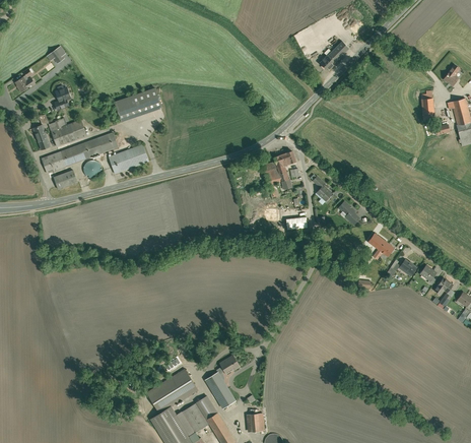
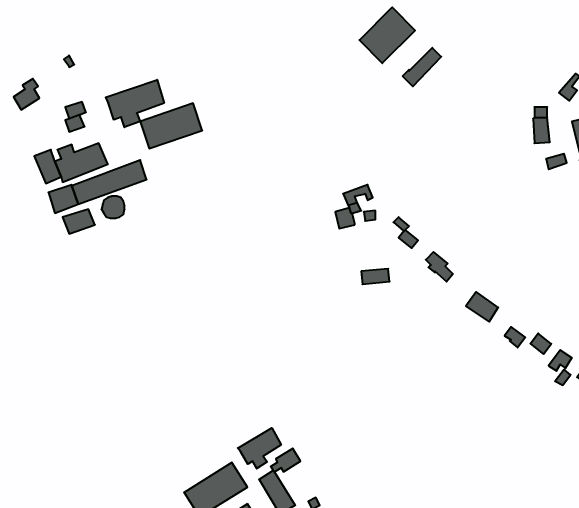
building: none -> [359,7,415,63]
building: none -> [106,80,164,127]
building: [109,143,149,174] -> none
building: none -> [238,428,281,469]

